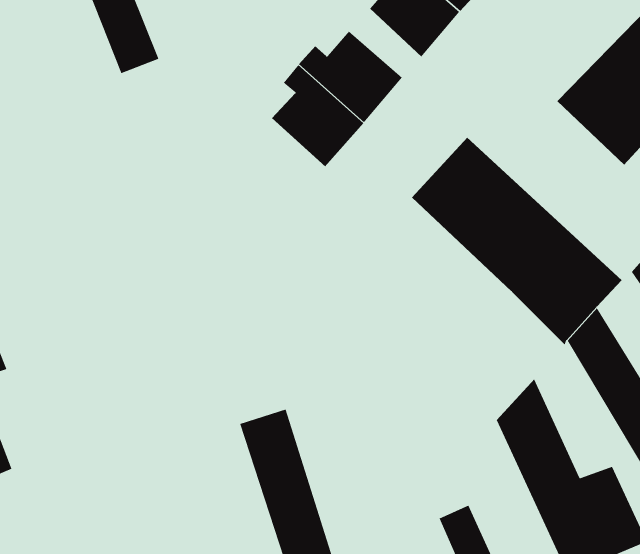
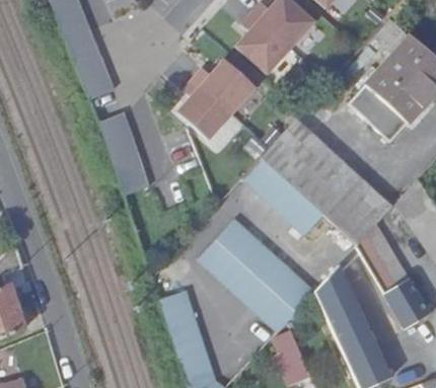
building: none -> [95,98,146,177]
building: none -> [241,159,321,238]
building: none -> [196,220,312,335]

